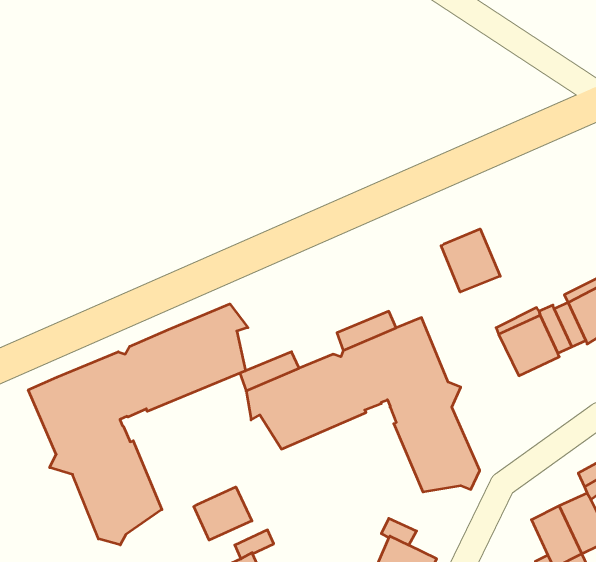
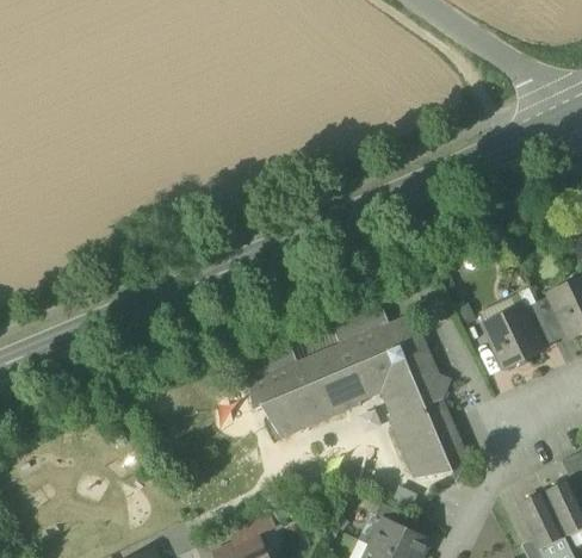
building: [441,229,500,292] -> none
building: [28,304,248,545] -> none
building: [194,487,252,540] -> none

